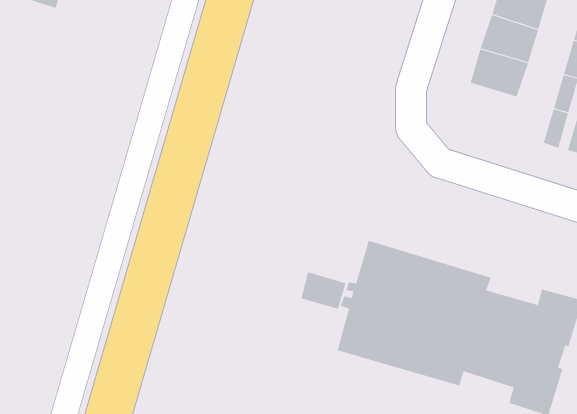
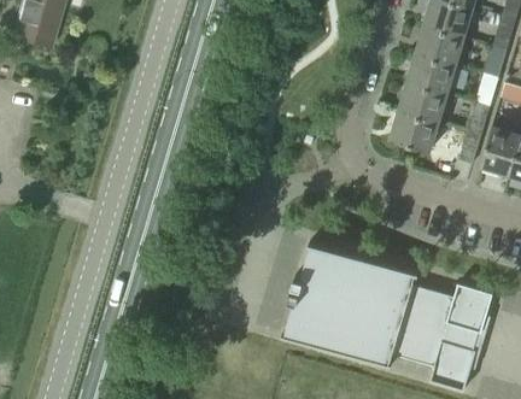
building: none -> [390,108,438,151]
building: [301,271,346,310] -> none

